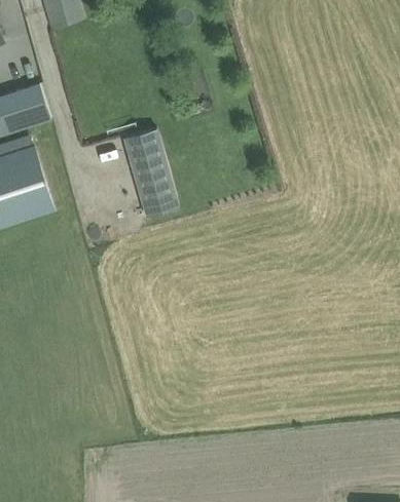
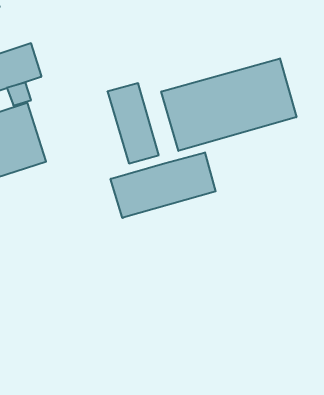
building: none -> [161,58,296,151]
building: none -> [111,152,216,218]

